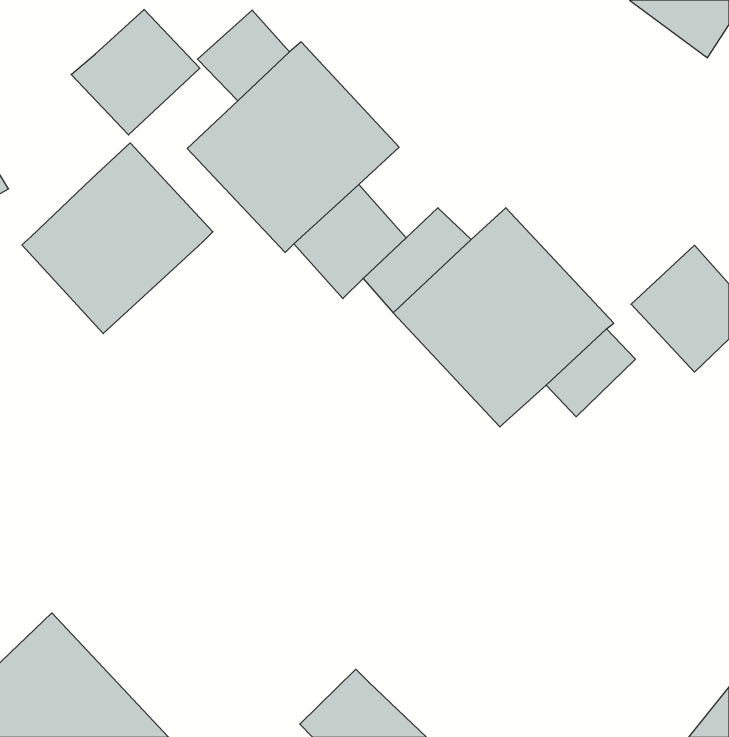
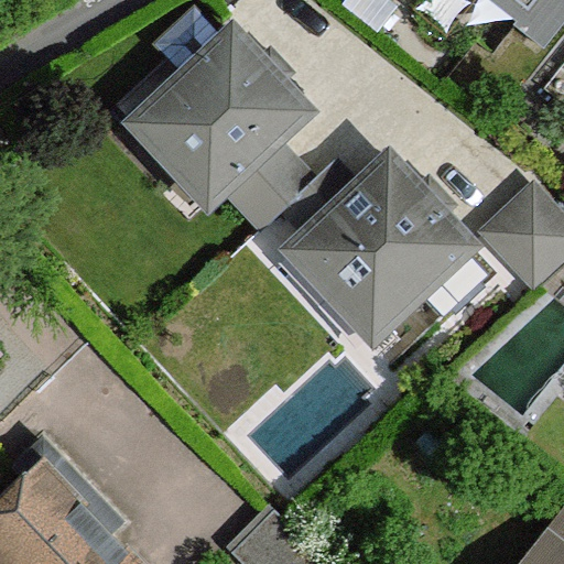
building: [71,9,200,135] -> none
building: [22,143,213,334] -> none

